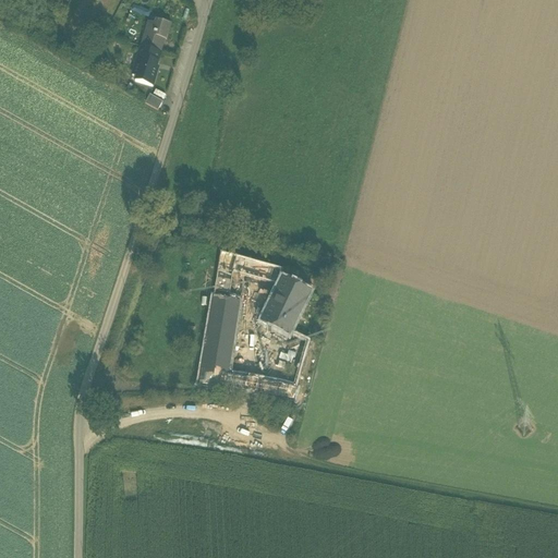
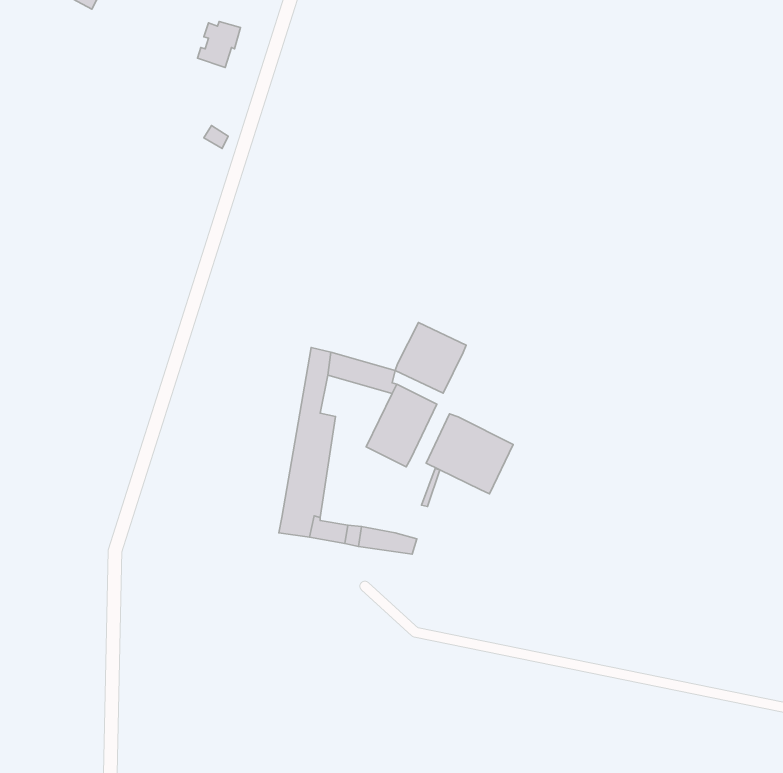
building: [132,41,160,82] -> none
building: none -> [395,322,466,393]
building: none -> [426,414,513,494]

